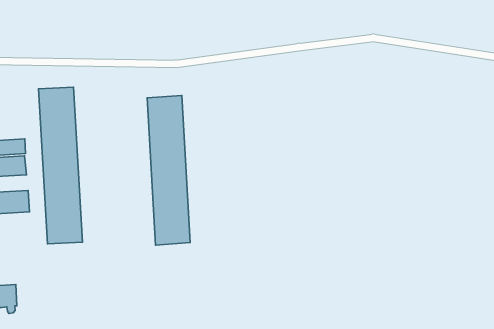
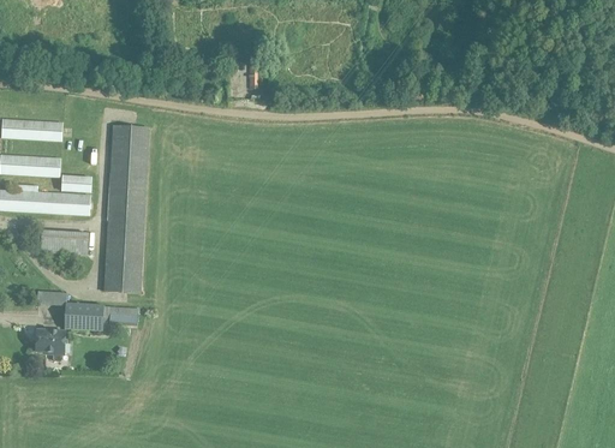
building: [147,96,190,245] -> none
building: none -> [64,301,138,330]

